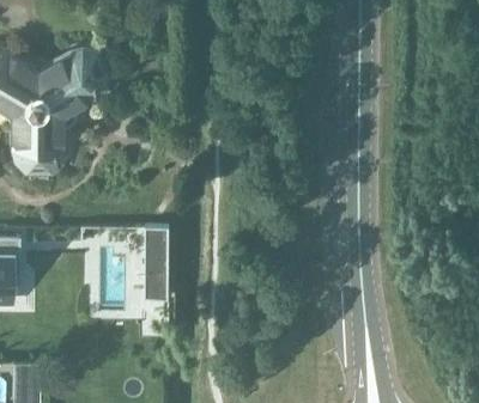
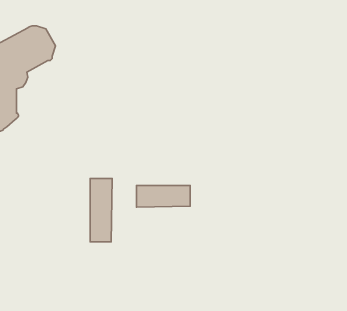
building: none -> [137,186,190,207]

